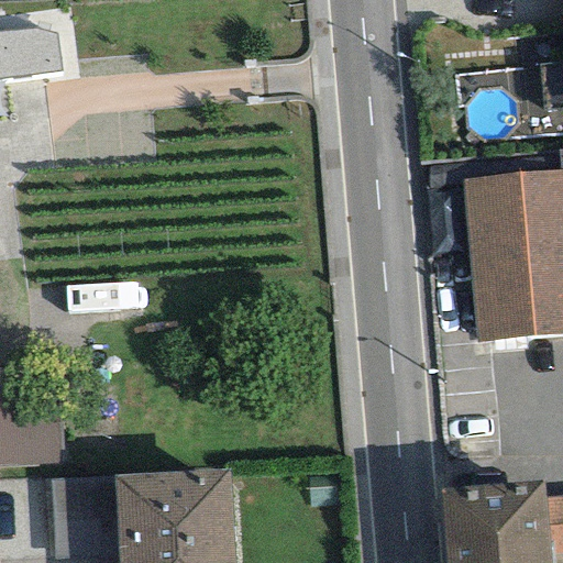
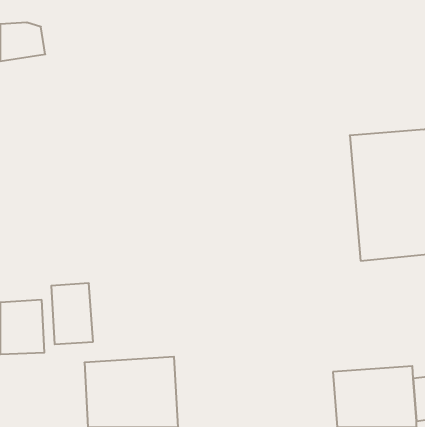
building: [52,474,107,554] -> [51,283,93,344]

